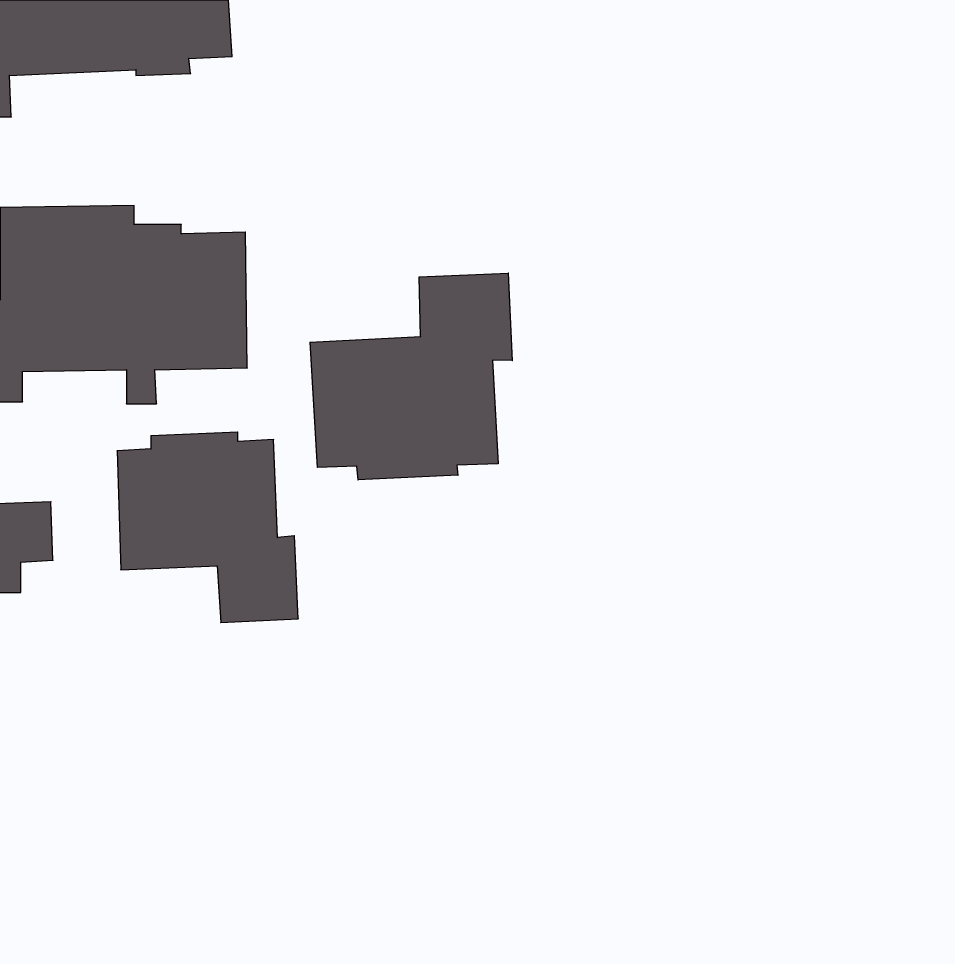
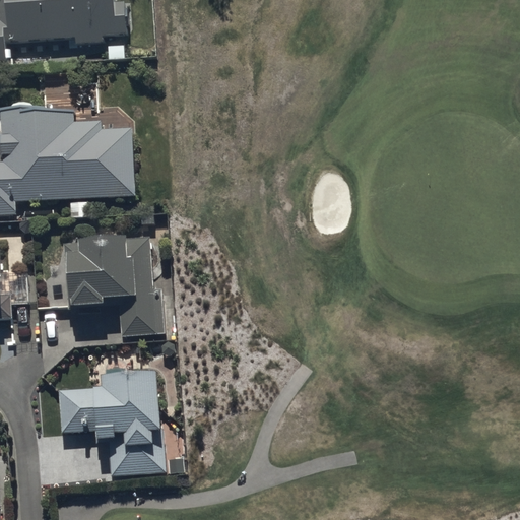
building: [310,273,512,480] -> none
building: none -> [55,365,183,476]

